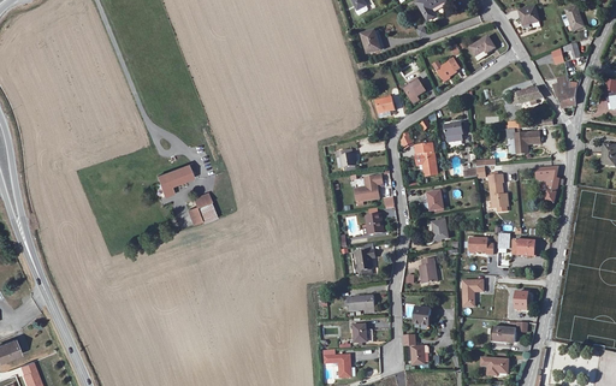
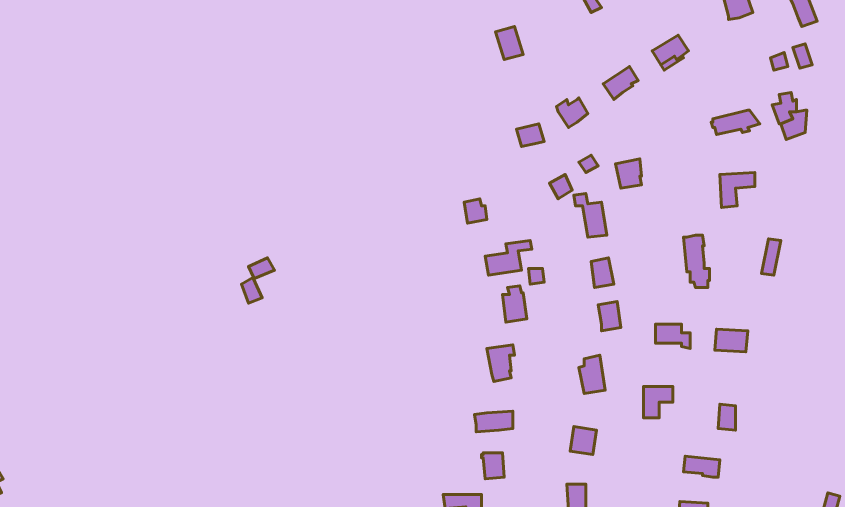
building: [156,164,191,196] -> none

